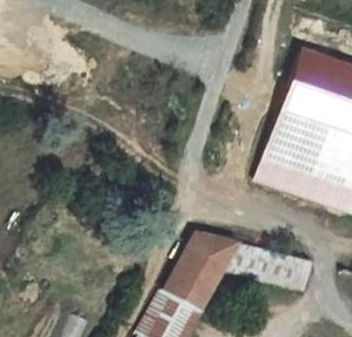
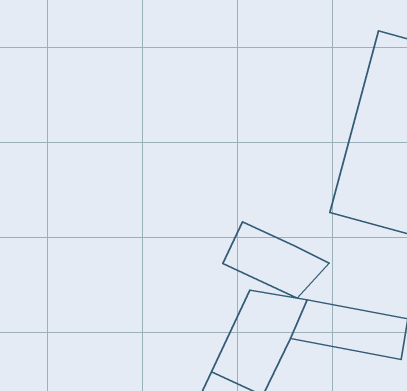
building: none -> [223,222,329,298]

